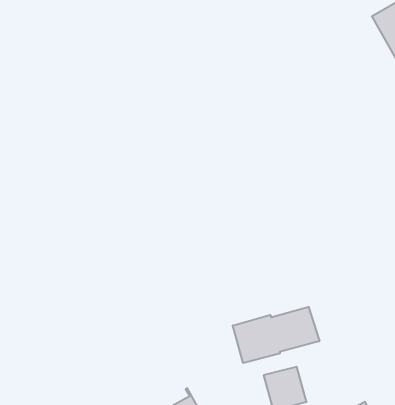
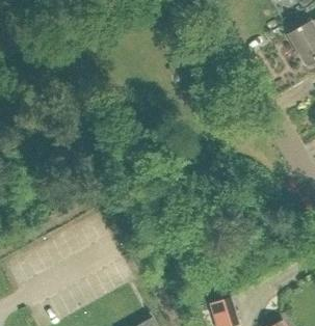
building: [233,307,319,363] -> none

